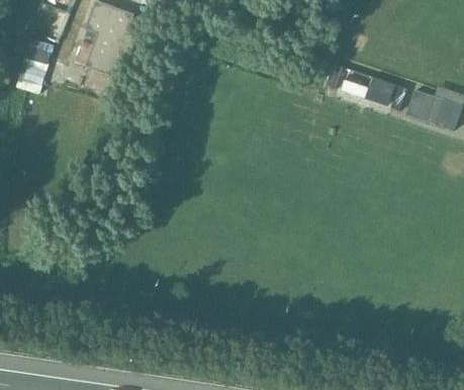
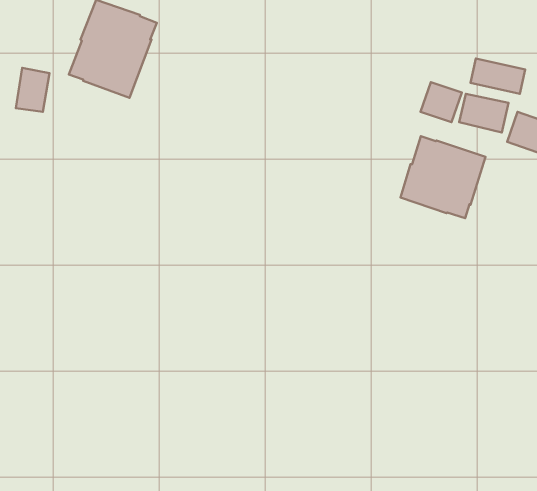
building: none -> [471,59,525,94]
building: none -> [400,136,486,218]

